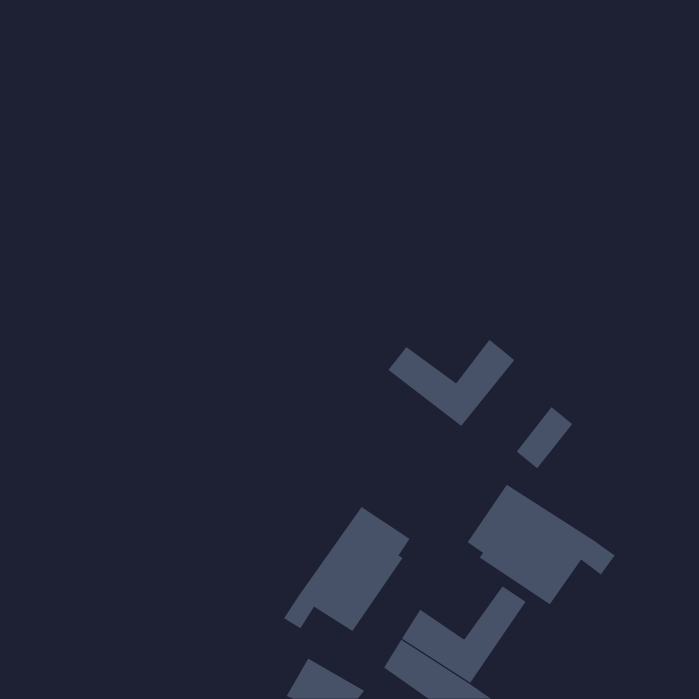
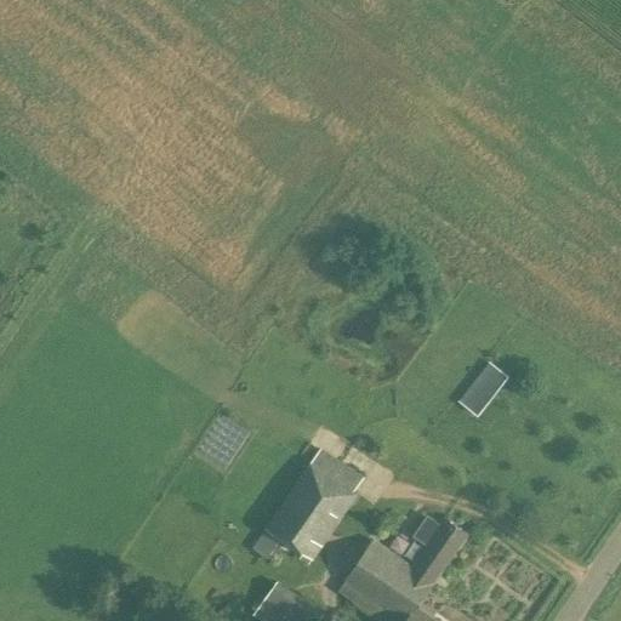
building: [388,339,515,427] -> none
building: [467,484,616,605] -> none

